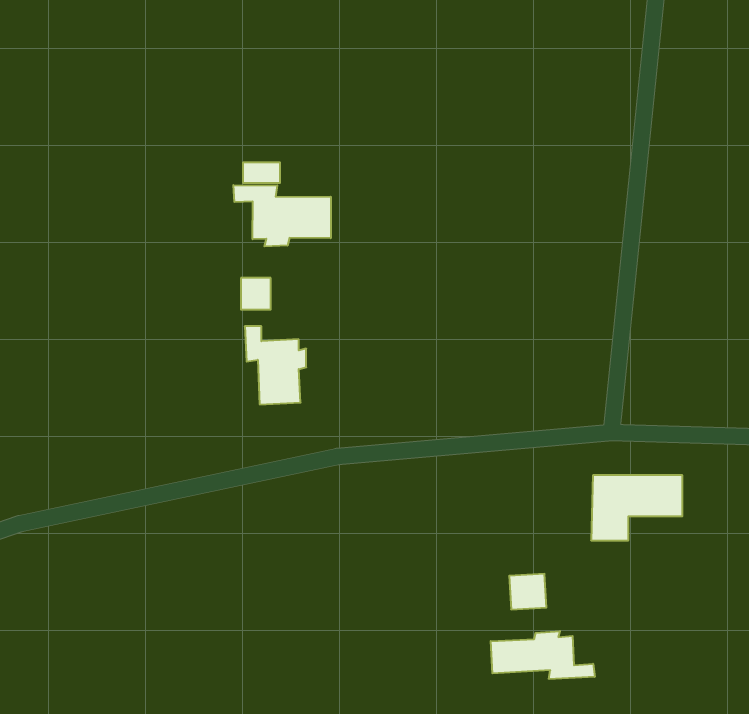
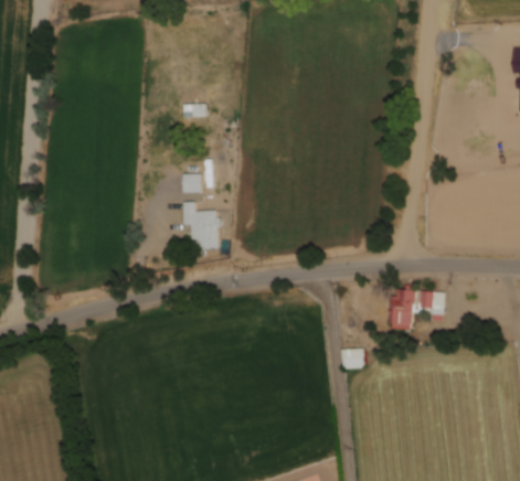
building: [233,185,331,246] -> none
building: [491,631,595,679] -> none

